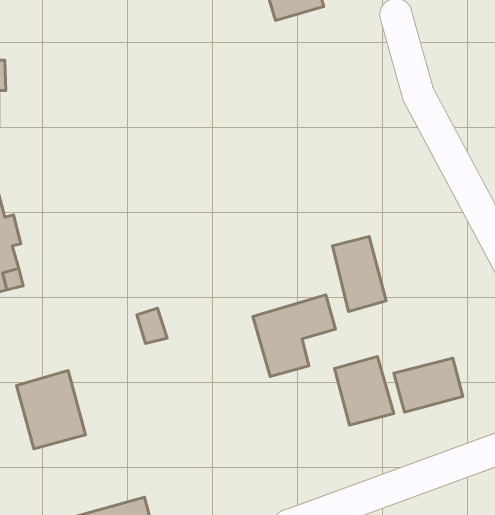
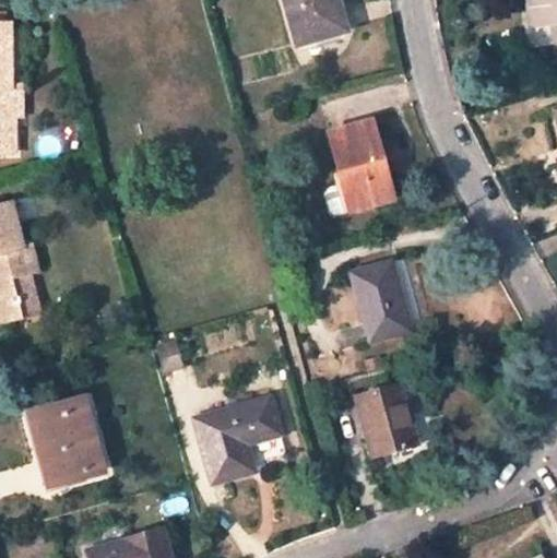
building: none -> [329,122,391,211]
building: [253,295,336,376] -> [195,397,280,480]
building: [394,358,463,412] -> none

